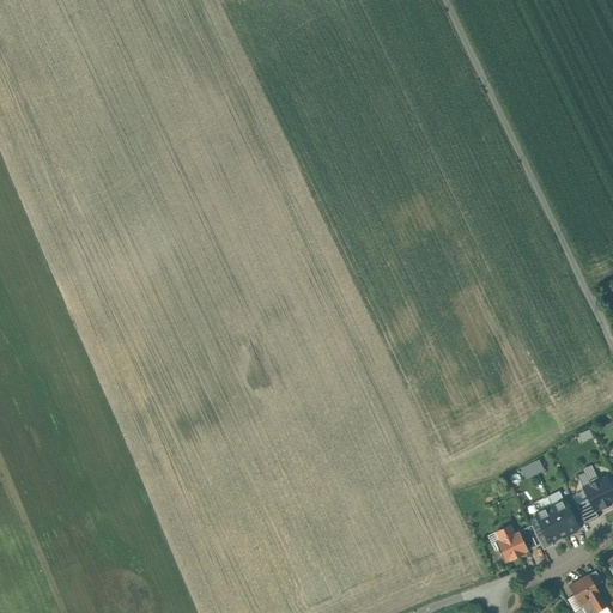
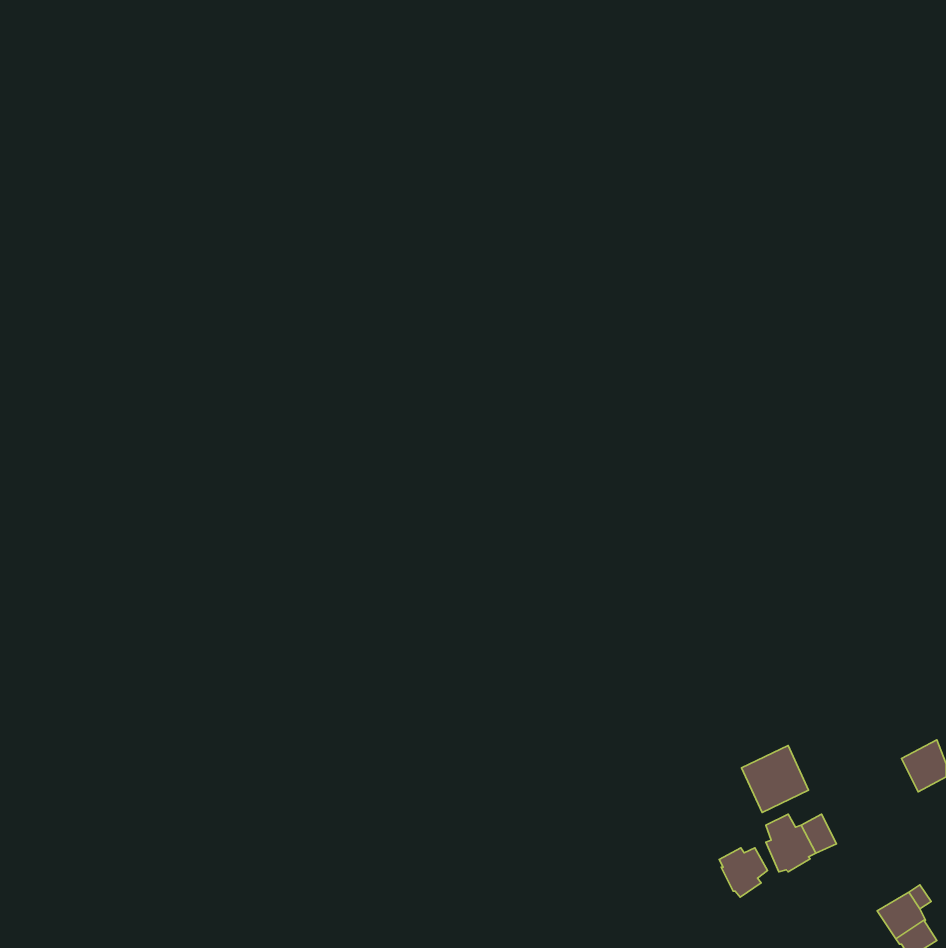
building: [533,500,576,544] -> [742,745,809,812]
building: none -> [719,848,767,897]

